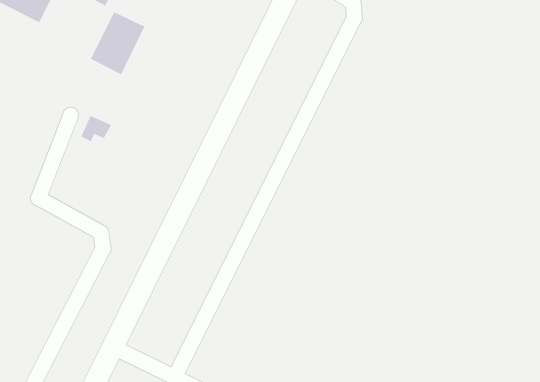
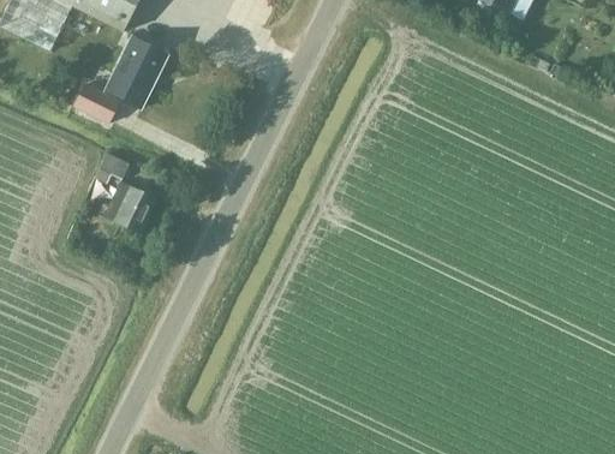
building: none -> [74,82,121,123]
building: none -> [105,181,156,231]

